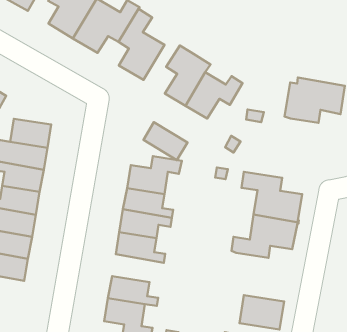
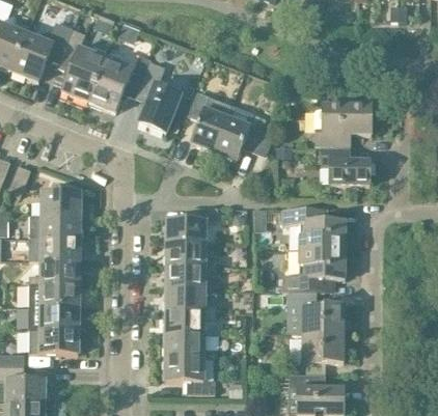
building: none -> [320,146,371,184]
building: [143,122,188,160] -> none
building: none -> [288,290,344,332]
building: none -> [166,311,216,334]

